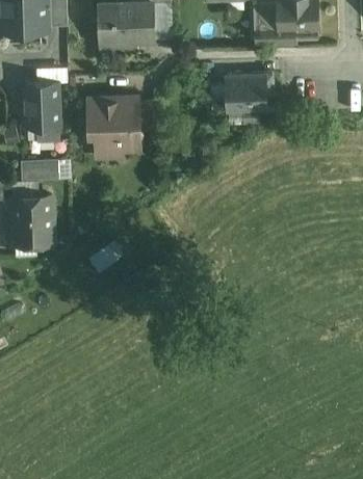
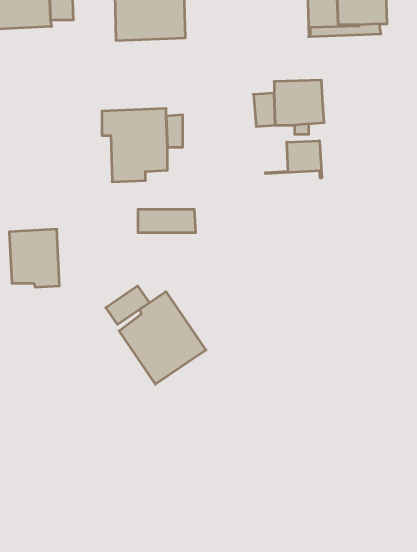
building: [23,83,57,126] -> none
building: none -> [265,141,322,178]
building: [25,158,72,177] -> [138,209,196,233]
building: none -> [119,292,206,384]

